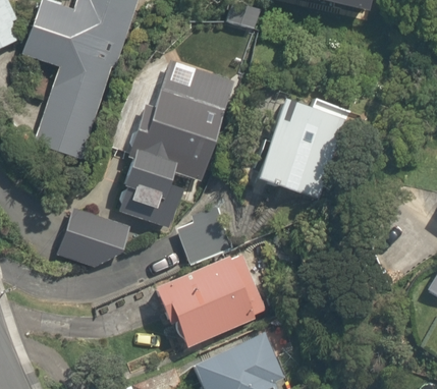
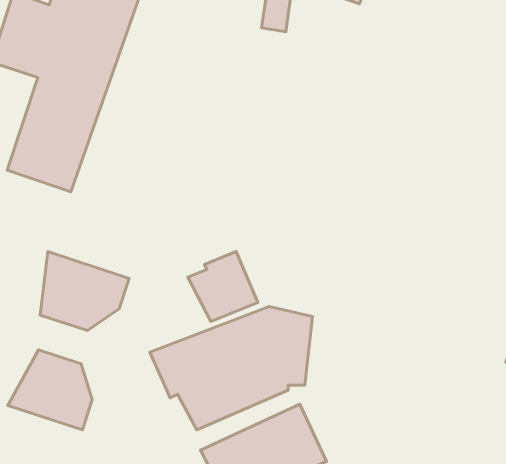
building: [118,74,232,228] -> none
building: [250,98,356,199] -> none
building: none -> [8,350,92,430]

